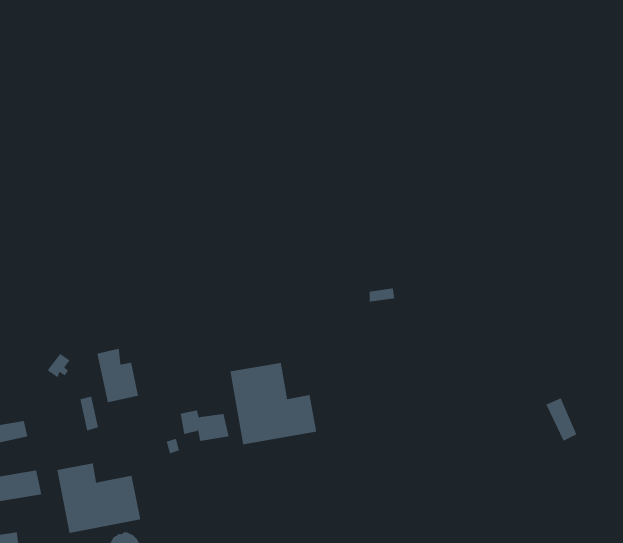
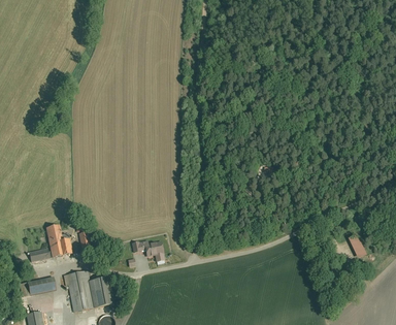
building: [96,348,139,403] -> [44,224,69,256]
building: [230,362,317,445] -> none

